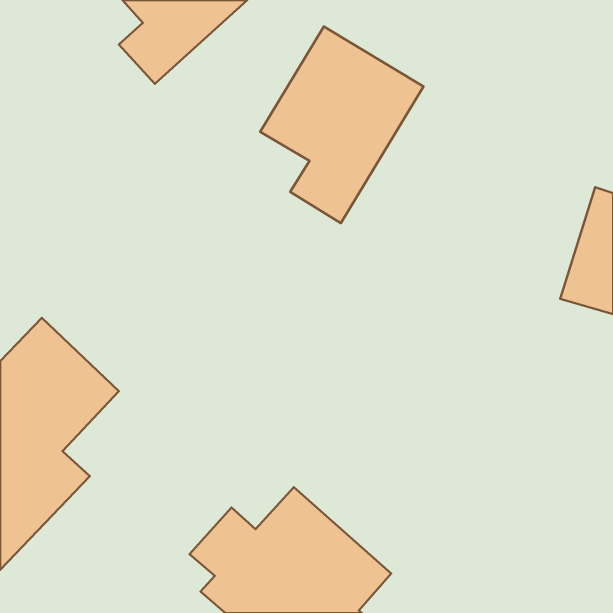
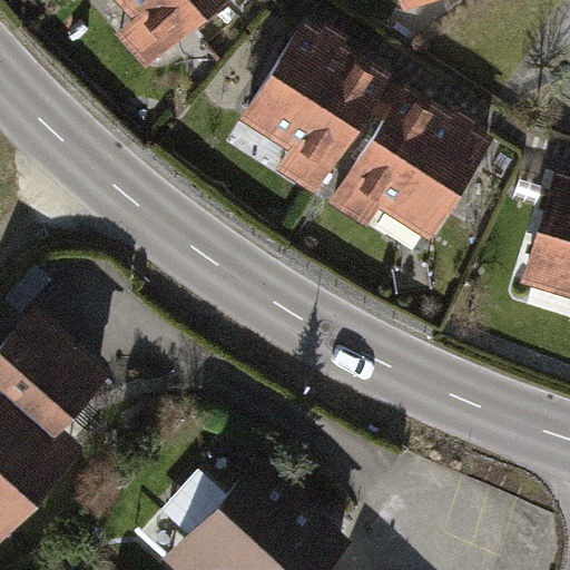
building: none -> [316,80,491,237]

